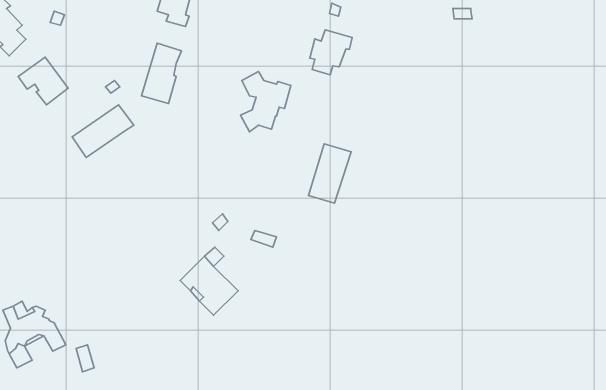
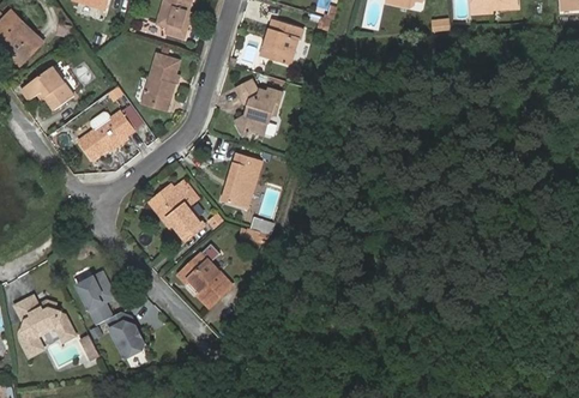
building: [310,30,352,75] -> [265,20,304,62]
building: [309,144,351,203] -> [223,152,263,207]
building: none -> [150,180,205,240]
building: none -> [77,272,145,358]

